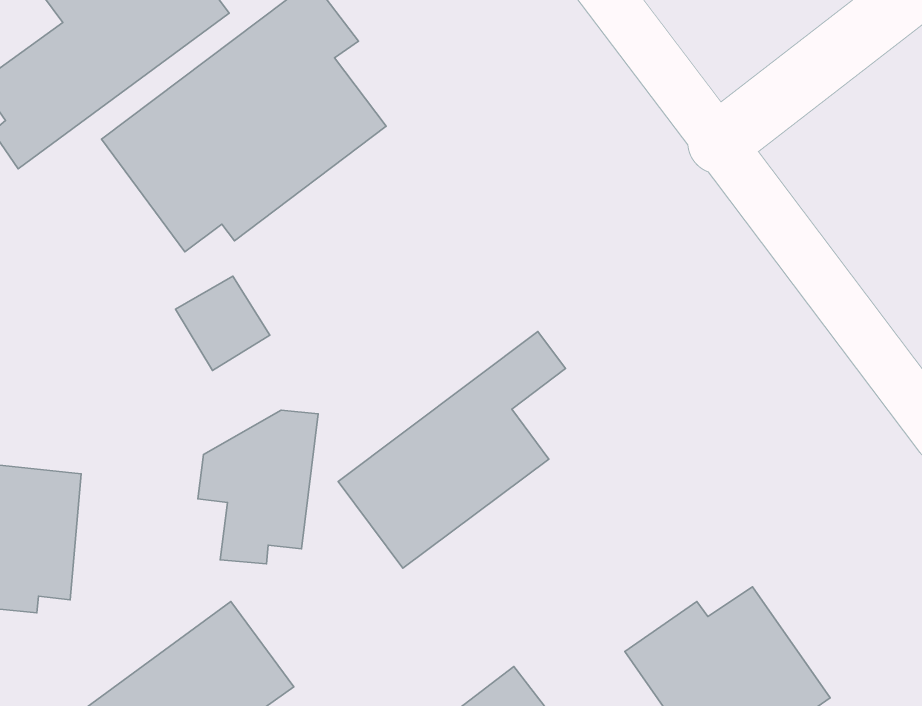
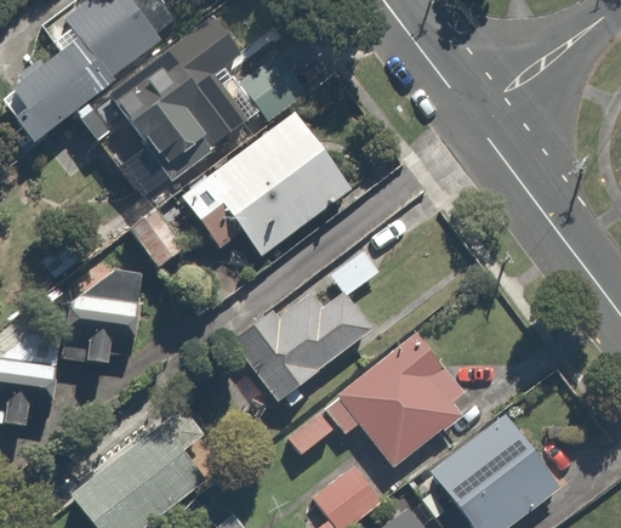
building: none -> [183,113,351,256]
building: [198,410,318,564] -> [68,263,147,364]
building: none -> [286,335,472,467]

